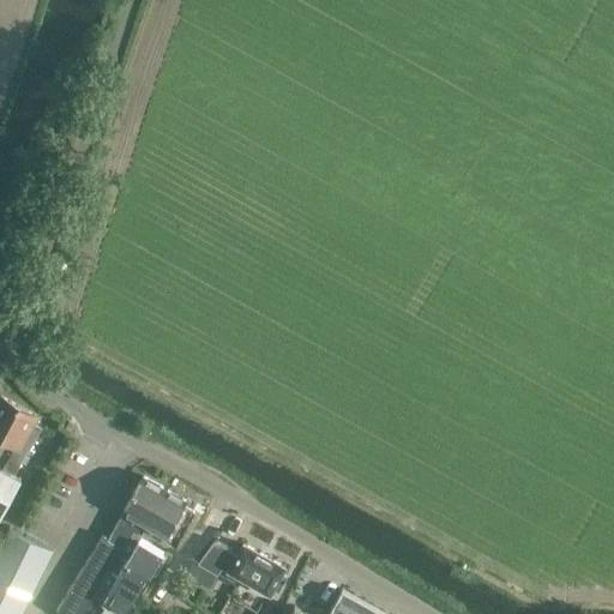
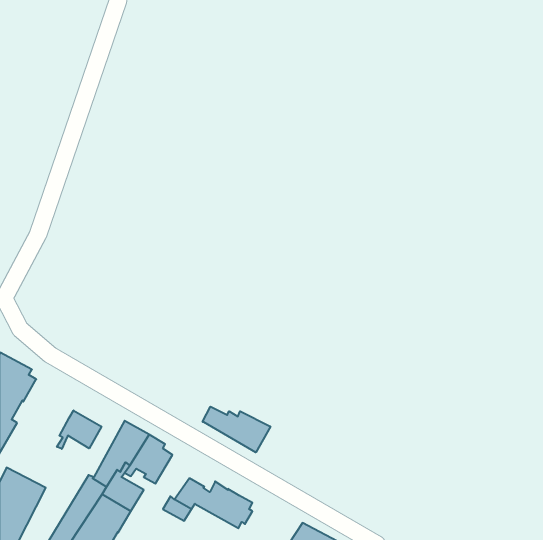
building: none -> [203,407,270,452]
building: none -> [57,410,101,449]

